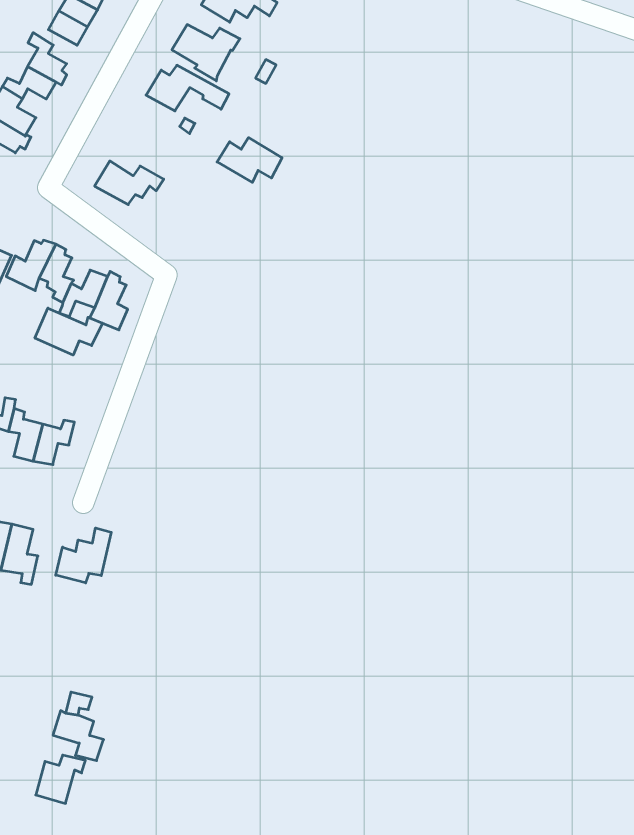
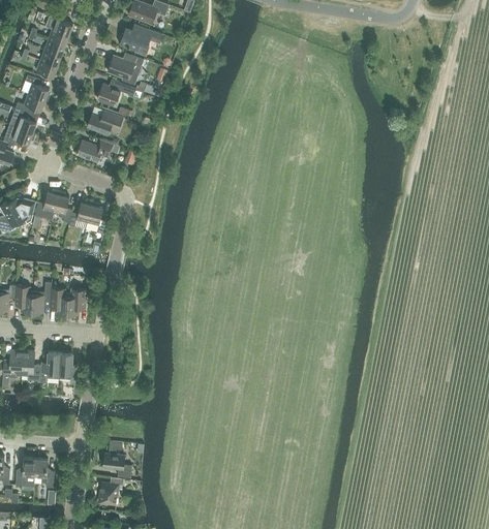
building: [217,138,282,182] -> [86,110,122,134]
building: [35,308,102,355] -> none
building: [56,528,111,583] -> none

